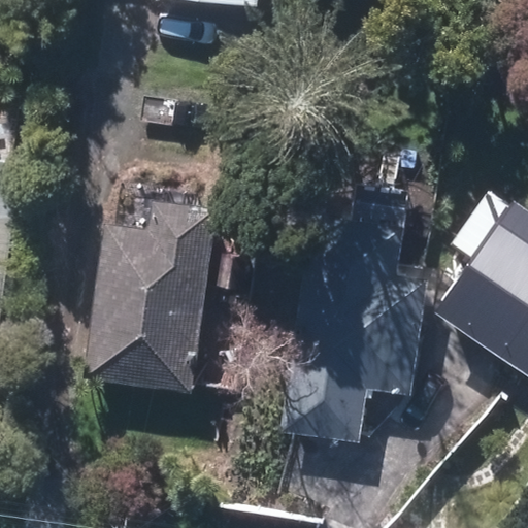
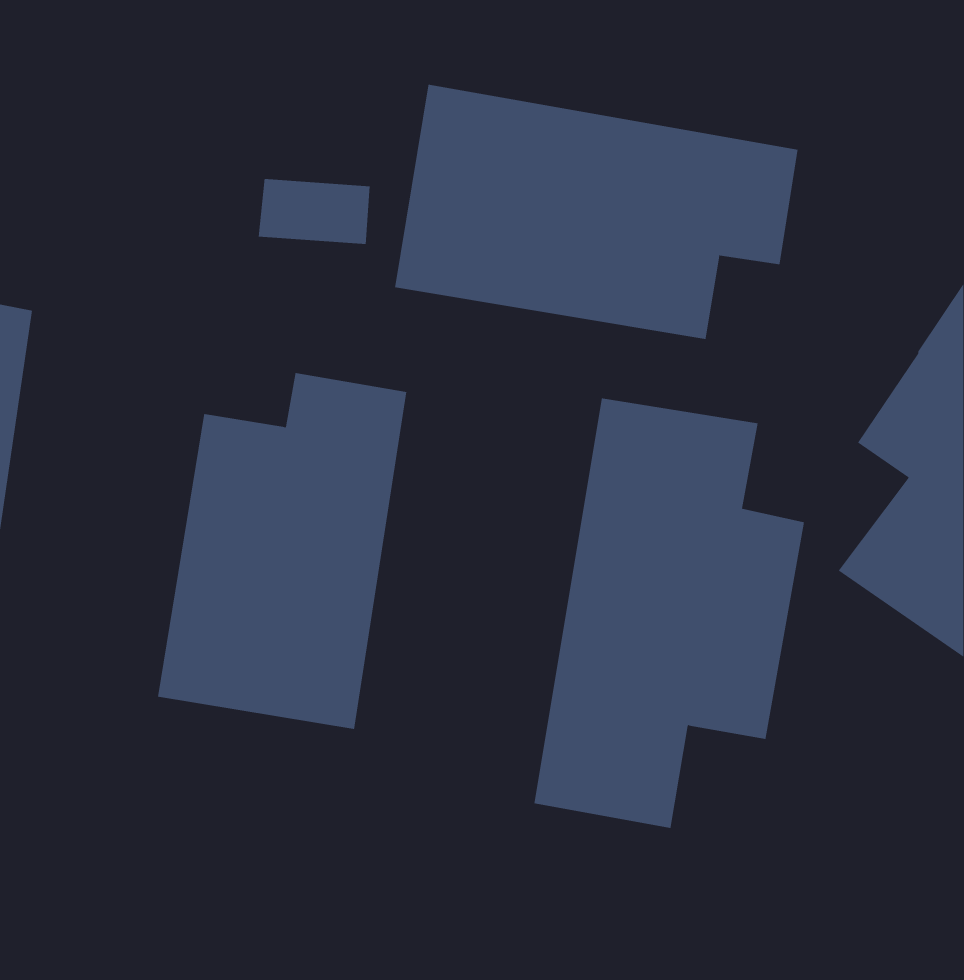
building: none -> [394,84,798,340]

